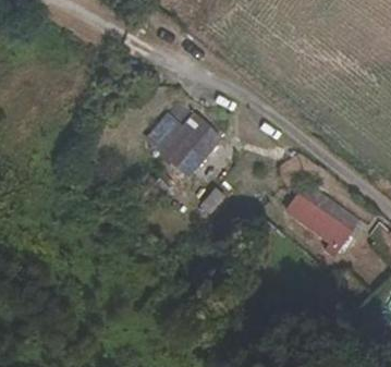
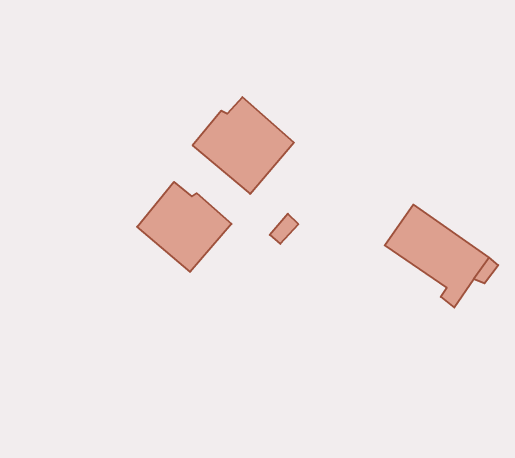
building: none -> [137,182,232,272]

